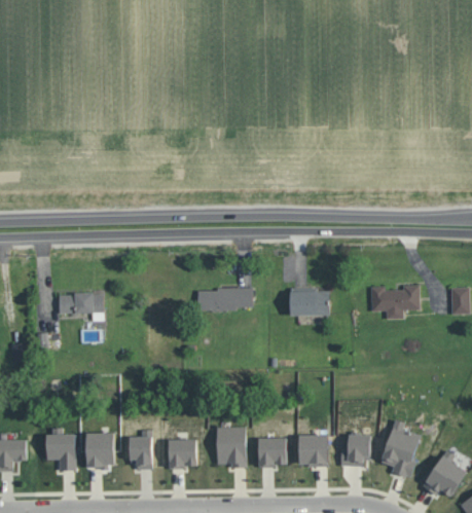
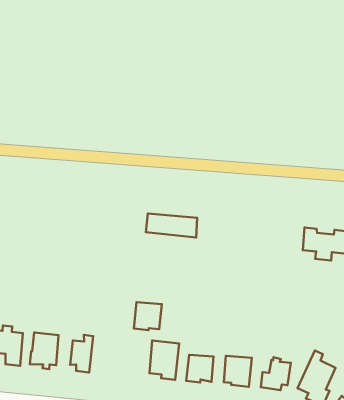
building: [289,290,329,316] -> none
building: [58,293,104,321] -> none
building: [169,438,196,468] -> [134,302,162,330]

